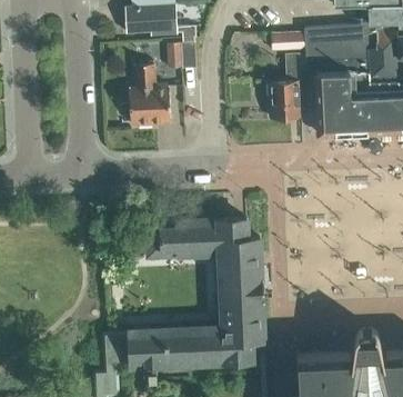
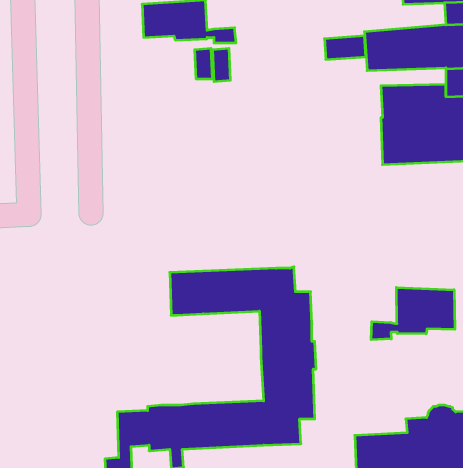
building: [268,53,300,119] -> none
building: [129,63,170,126] -> none
building: none -> [371,287,455,340]

